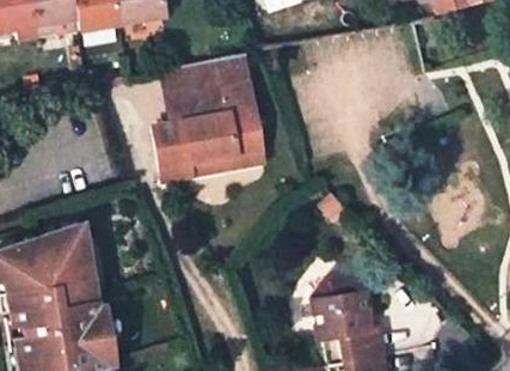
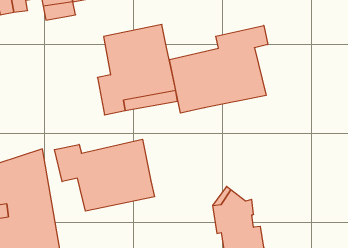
building: none -> [169,25,268,113]
building: none -> [54,139,154,211]

